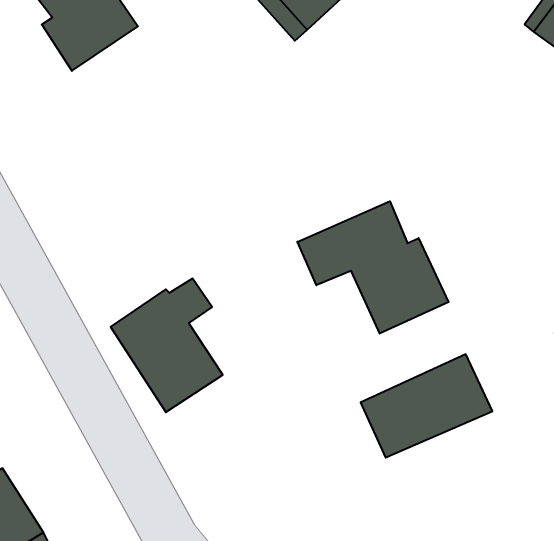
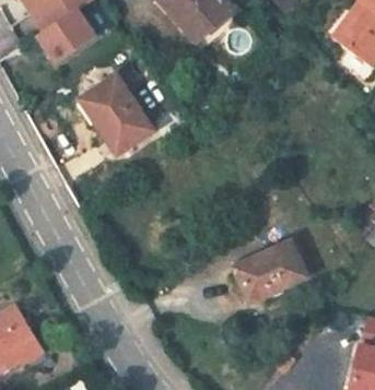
building: [297,201,449,334] -> none
building: [111,279,223,412] -> [82,72,151,154]

